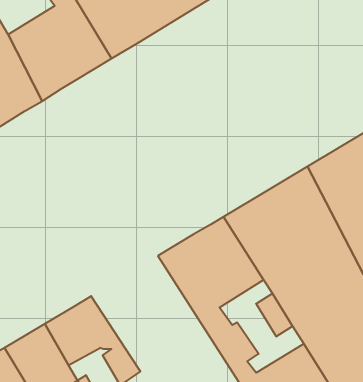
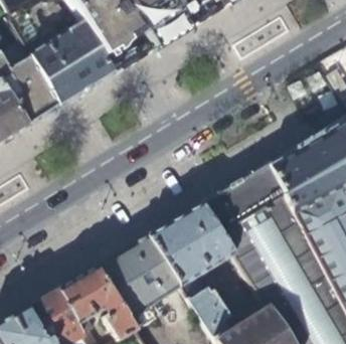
building: none -> [95,233,180,315]

